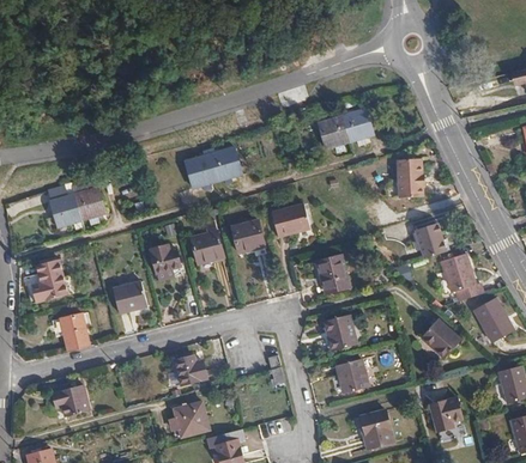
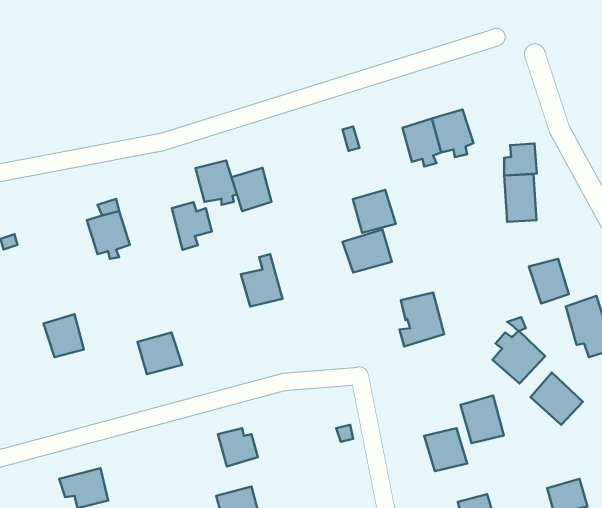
building: none -> [504,143,537,176]
building: [208,147,241,182] -> [195,160,237,205]
building: [47,188,80,226] -> none
building: [232,218,266,251] -> [353,190,396,233]
building: [149,244,180,281] -> [172,202,212,250]
building: none -> [492,331,545,384]
building: [322,310,356,347] -> [461,396,504,443]
building: [58,313,87,352] -> none

